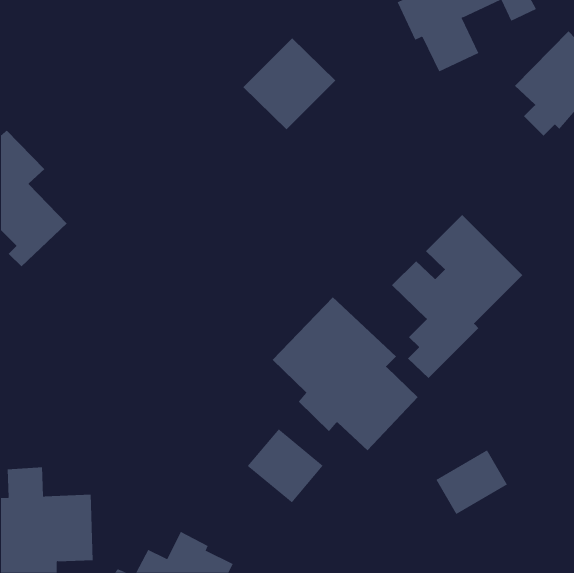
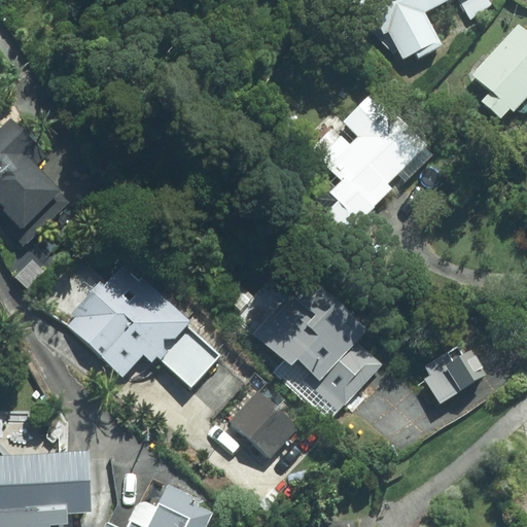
building: [242,38,336,130] -> none
building: [391,214,523,379] -> [310,90,430,240]
building: none -> [65,267,217,384]
building: [436,449,508,515] -> [419,343,485,402]

